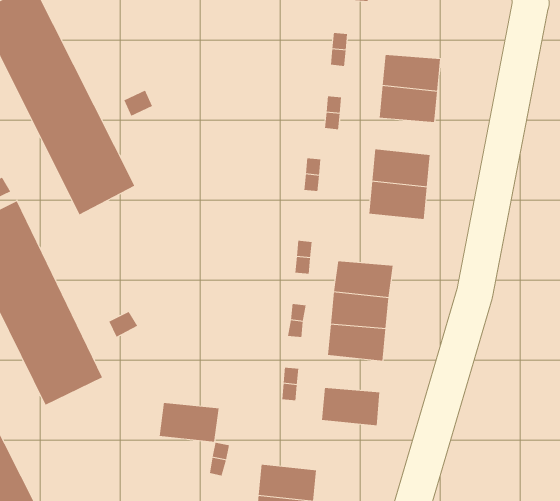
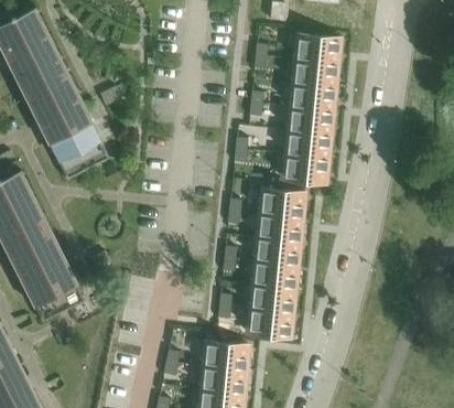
building: none -> [295,35,339,64]
building: none -> [288,108,333,136]
building: none -> [260,190,304,218]
building: none -> [250,286,294,313]
building: [159,402,219,442] -> [203,342,248,372]

